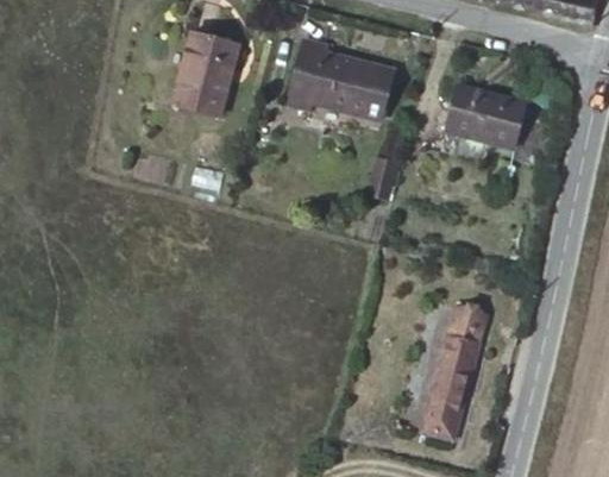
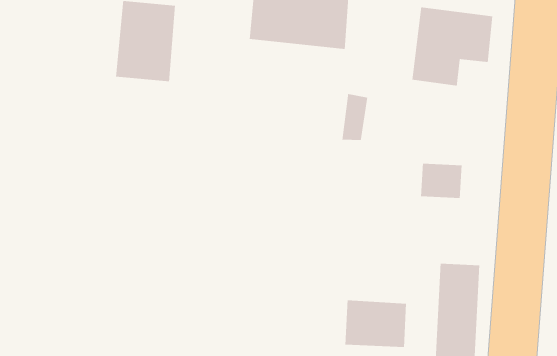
building: [440,301,485,341] -> [420,163,462,199]
building: none -> [345,300,407,348]

